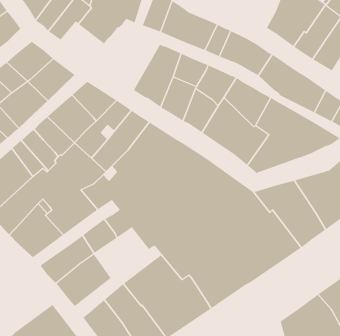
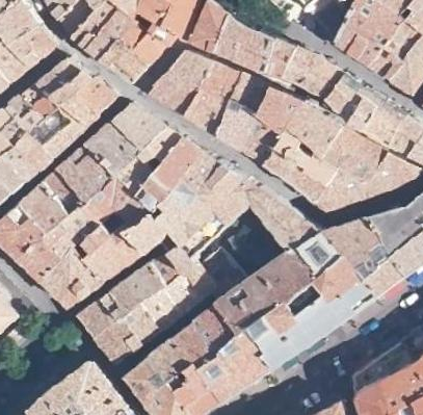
building: none -> [101,36,151,82]
building: none -> [150,50,214,114]
building: none -> [139,273,202,330]

